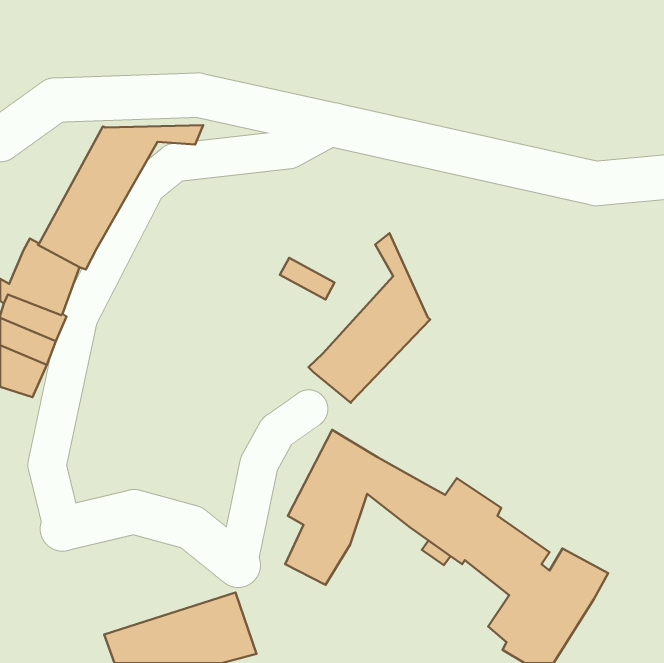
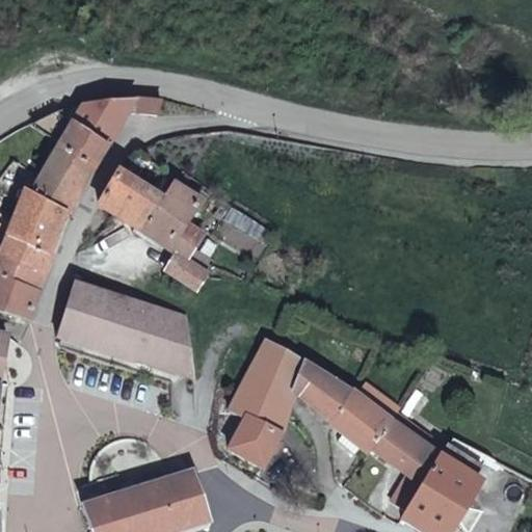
building: none -> [98,170,208,289]
building: [309,233,430,403] -> none
building: none -> [56,282,194,375]

